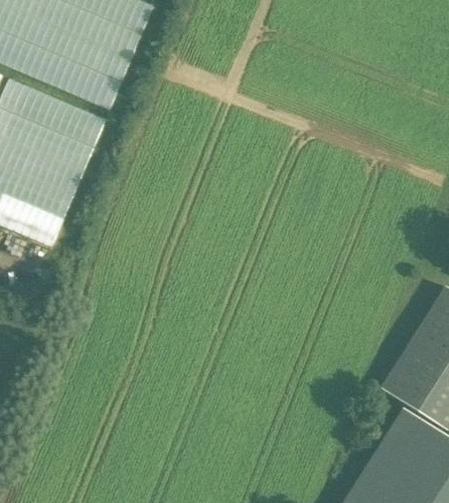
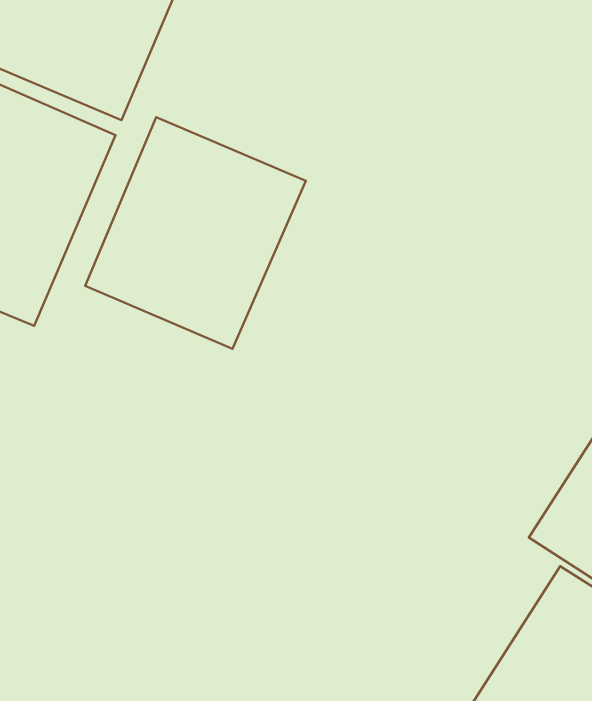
building: none -> [85,117,306,349]

